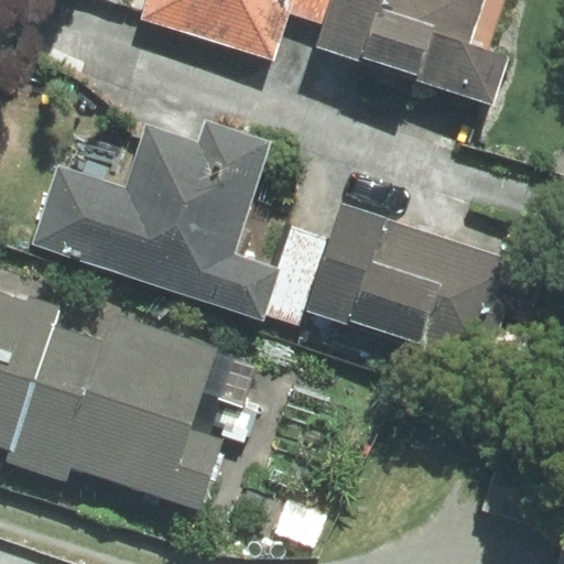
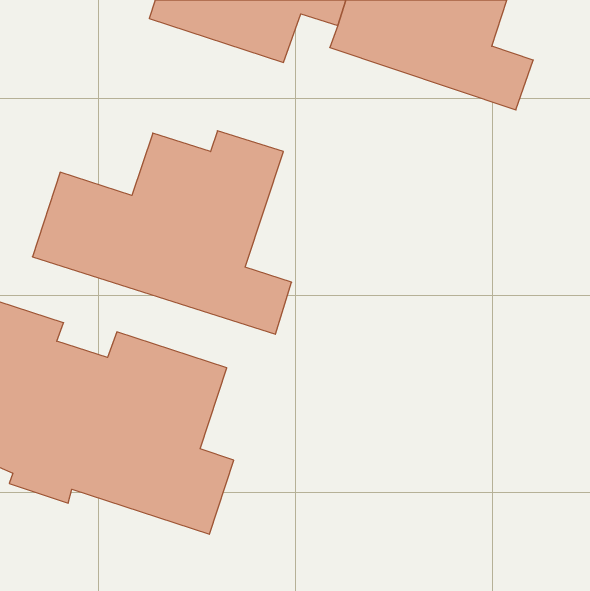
building: [307,205,520,369] -> none

